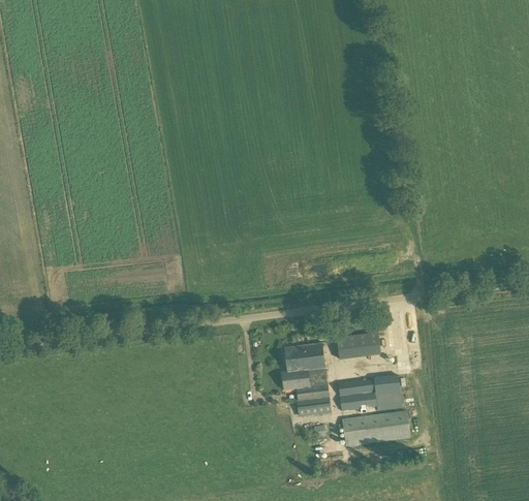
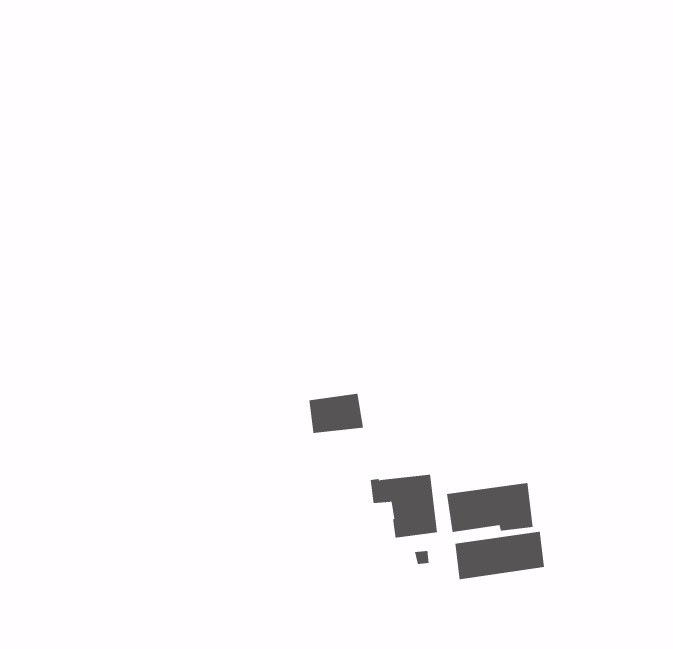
building: [336,332,380,359] -> none
building: [284,342,325,372] -> [308,393,364,433]

